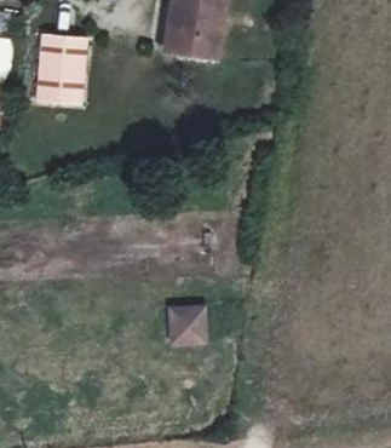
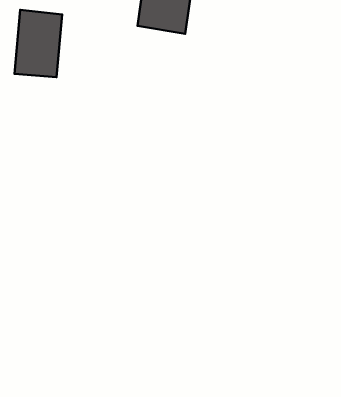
building: [165,300,207,343] -> none

